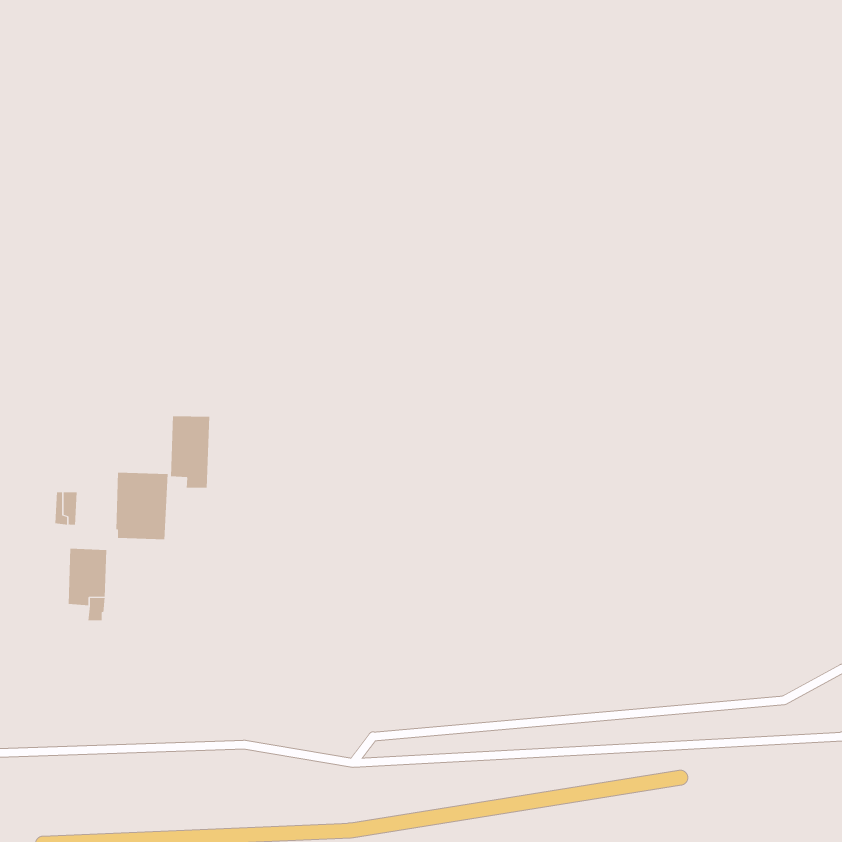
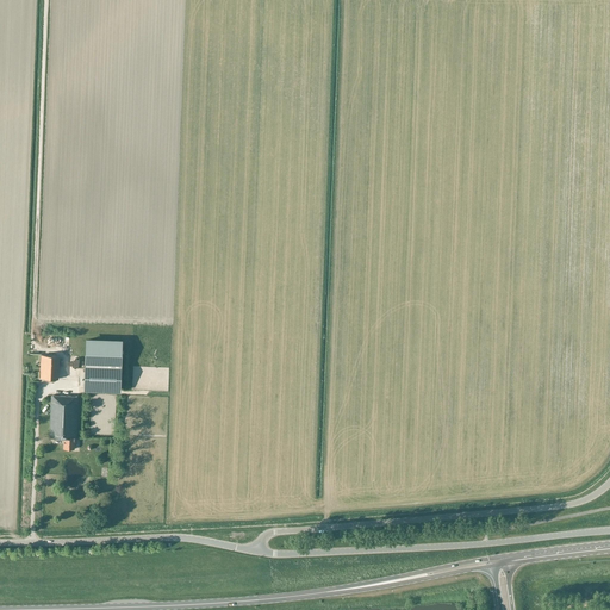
building: [170,416,210,489] -> none

